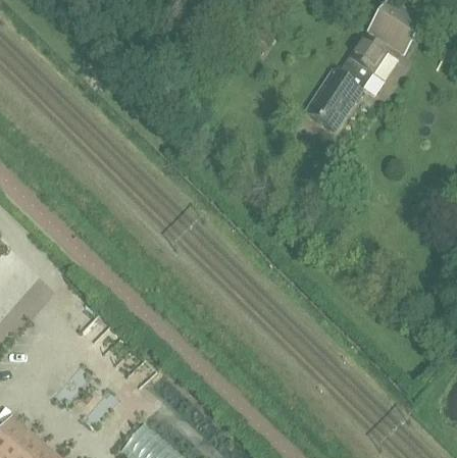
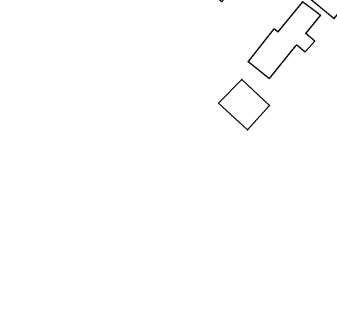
building: none -> [219,79,270,130]

